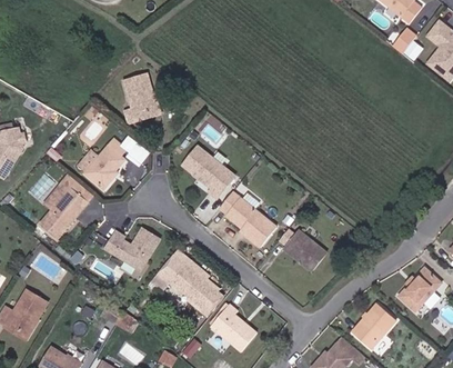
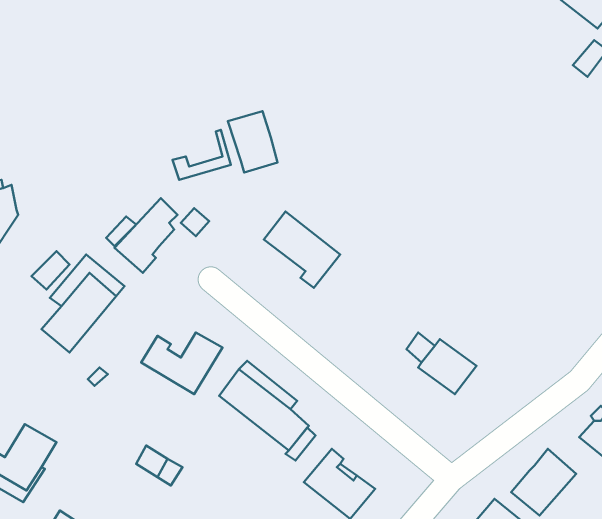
building: [124,74,158,116] -> [228,111,278,173]
building: [221,191,278,247] -> none

